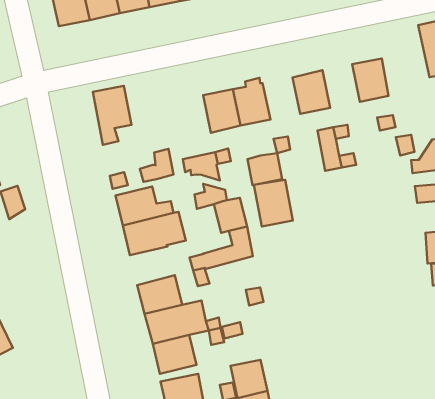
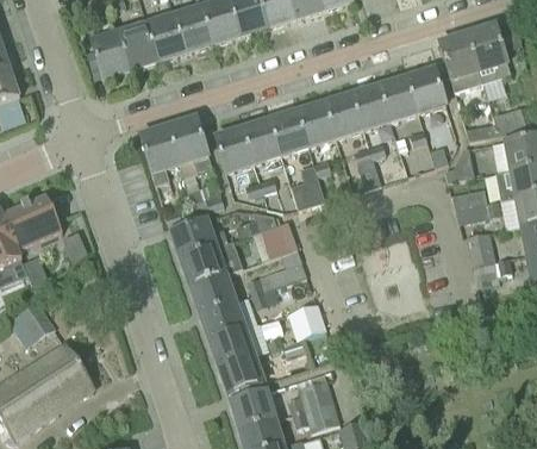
building: none -> [408,69,447,112]
building: none -> [354,86,392,129]
building: none -> [299,104,337,145]
building: none -> [169,118,212,172]
building: none -> [216,129,255,172]
building: [254,180,293,227] -> none
building: none -> [191,274,235,313]

